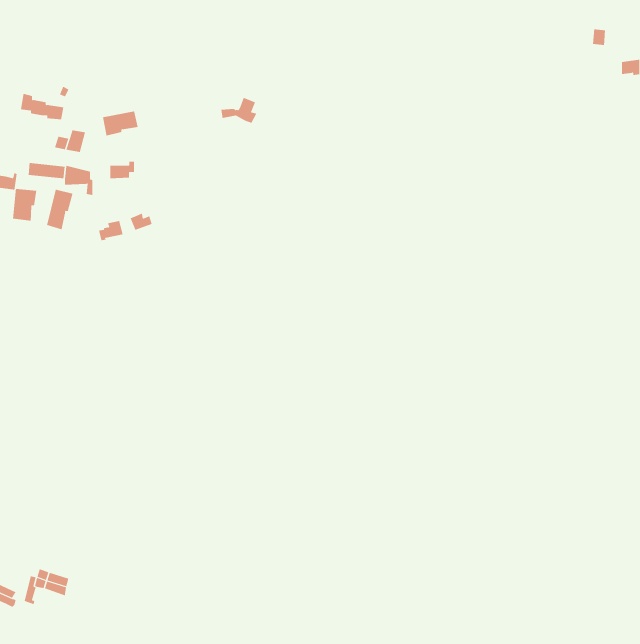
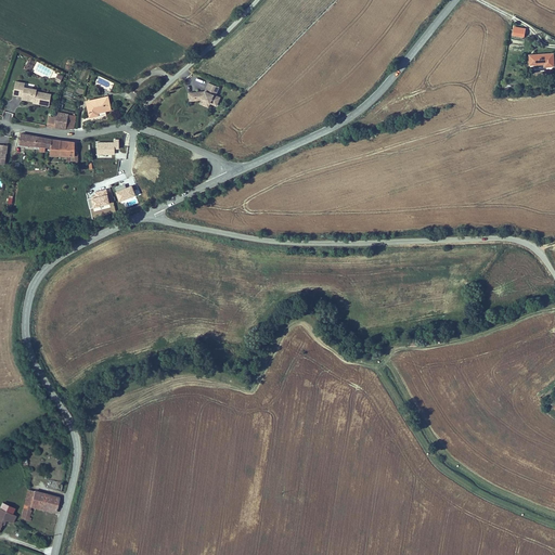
building: [13,188,37,222] -> none
building: [46,189,73,230] -> none

